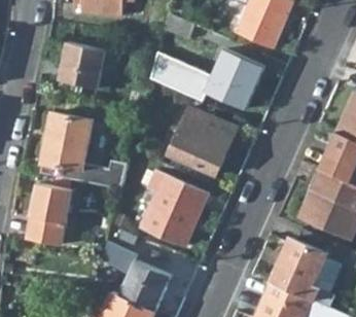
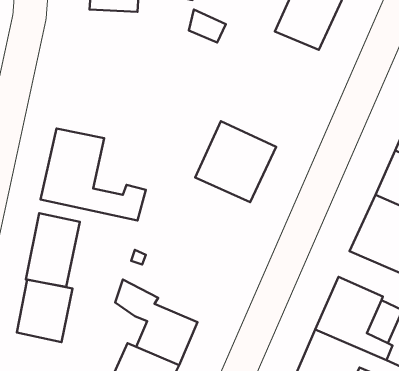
building: [59,41,106,89] -> none
building: [150,48,263,109] -> none
building: [140,169,208,246] -> none
building: none -> [17,280,73,342]

